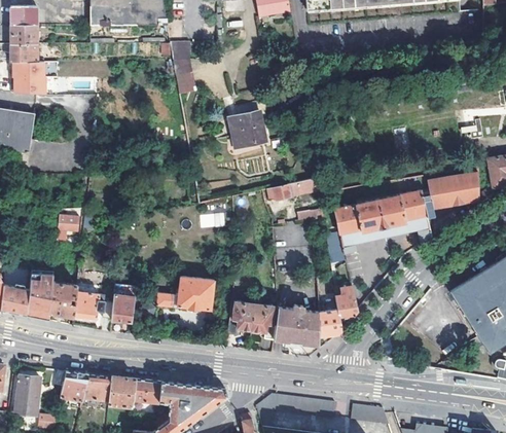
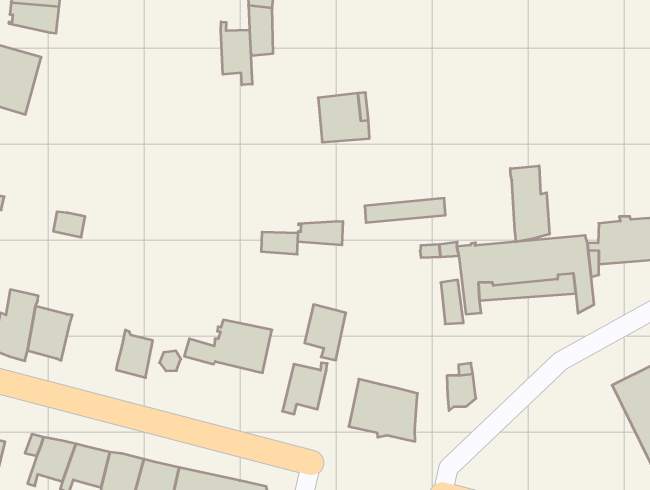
building: none -> [221,22,252,85]
building: none -> [510,166,549,242]
building: none -> [298,221,343,245]
building: [73,290,113,320] -> none
building: [251,303,277,339] -> [305,305,346,360]
building: [318,311,342,336] -> none

